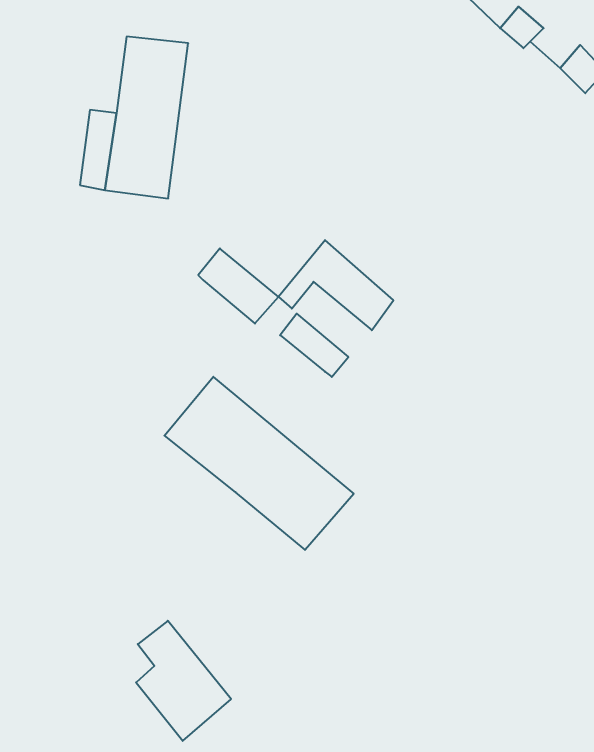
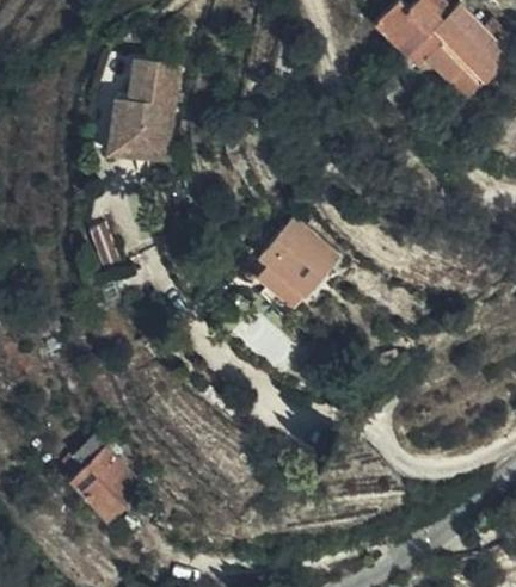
building: [198,248,278,324] -> [257,236,314,290]
building: [164,377,354,550] -> none
building: [136,621,231,741] -> [67,430,135,515]

